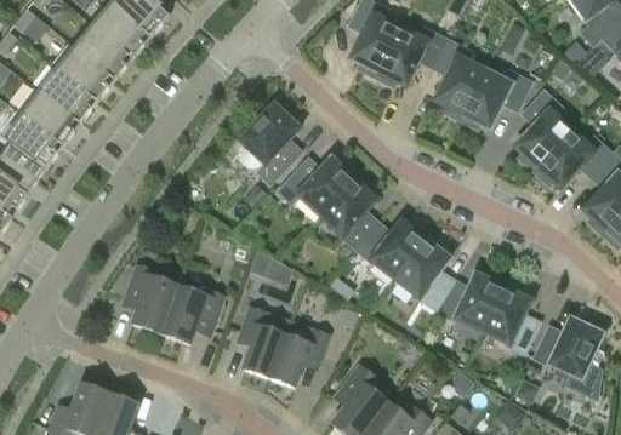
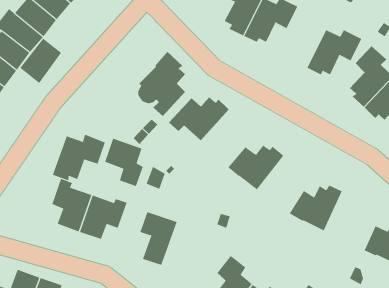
building: [433,40,484,120] -> none
building: none -> [19,38,62,84]
building: [320,174,378,250] -> none
building: none -> [52,134,106,181]
building: none -> [104,138,144,187]
building: [394,235,455,310] -> none
building: [482,281,540,354] -> none
building: [269,321,329,387] -> none

